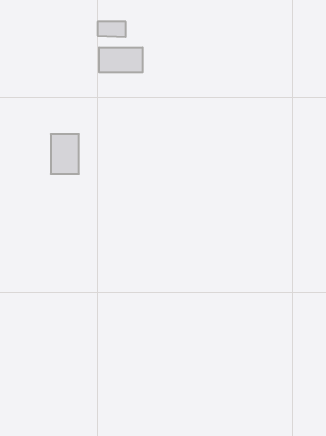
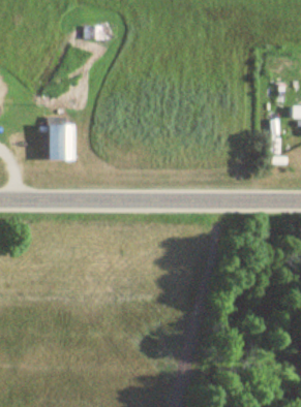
building: [99,47,143,72] -> none

